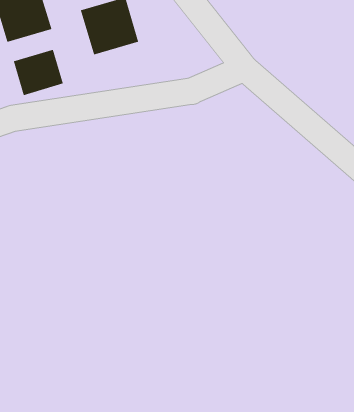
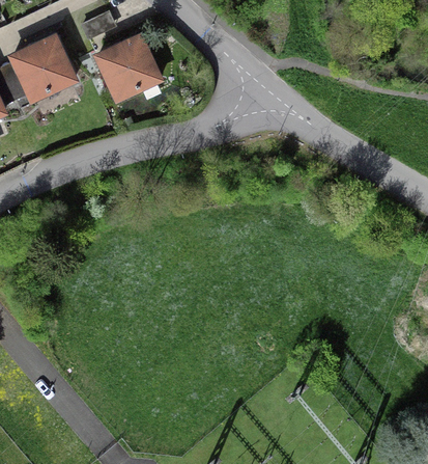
building: [13,49,64,96] -> none

